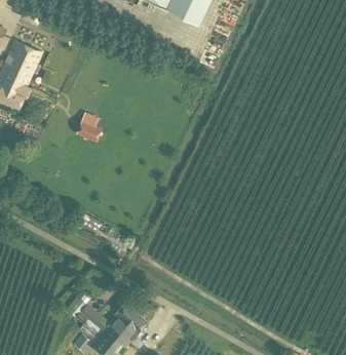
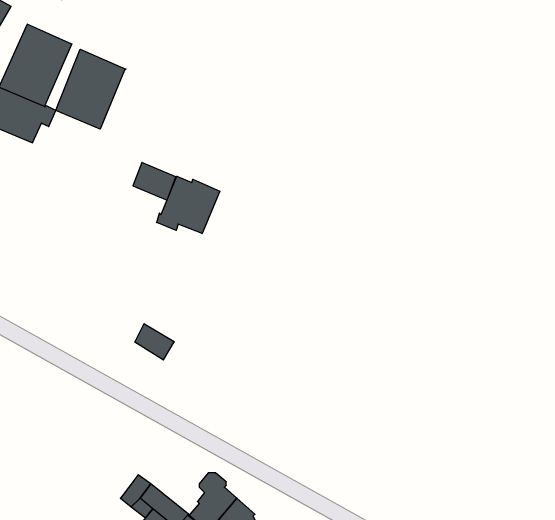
building: none -> [56,49,126,129]
building: none -> [157,176,220,234]

